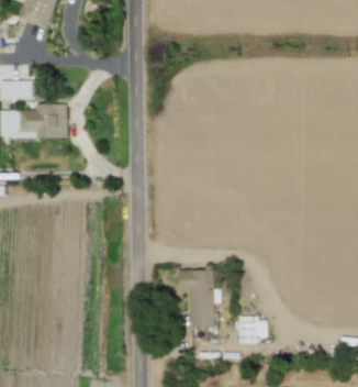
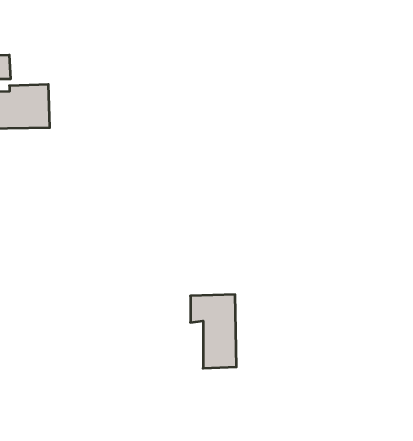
building: [238,317,268,344] -> none

